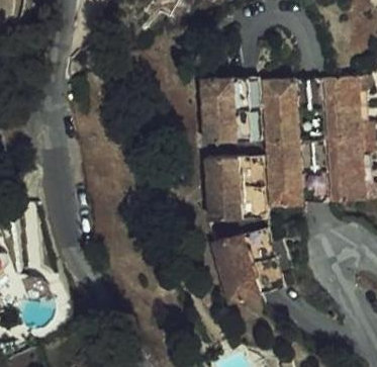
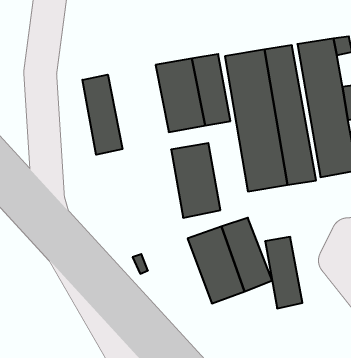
building: none -> [82,75,122,155]
building: [224,160,259,225] -> [265,237,302,308]

